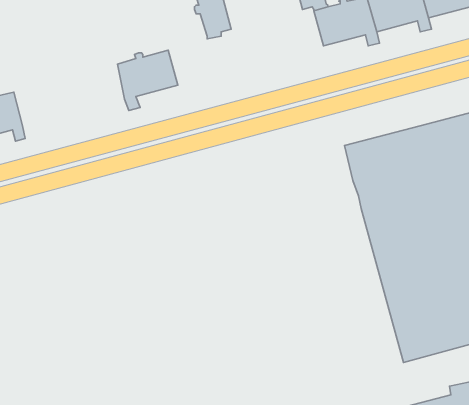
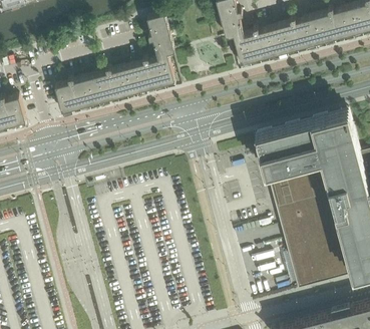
building: none -> [128,55,173,98]
building: none -> [54,75,97,118]

